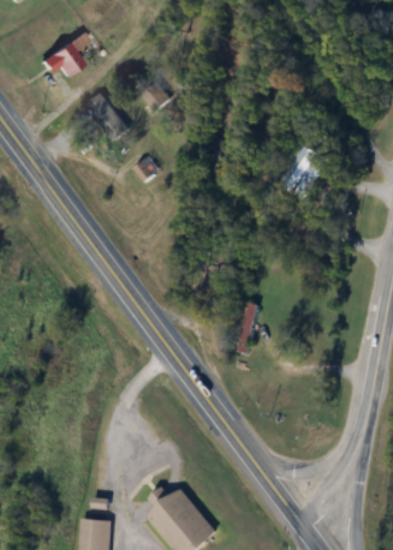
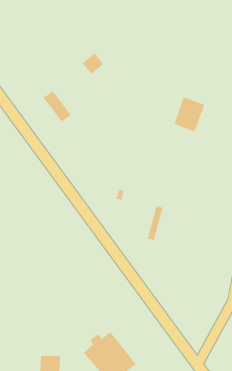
building: [38,41,81,76] -> none
building: [85,92,127,139] -> [43,90,71,122]

